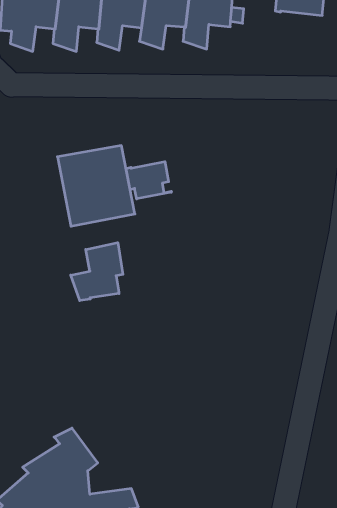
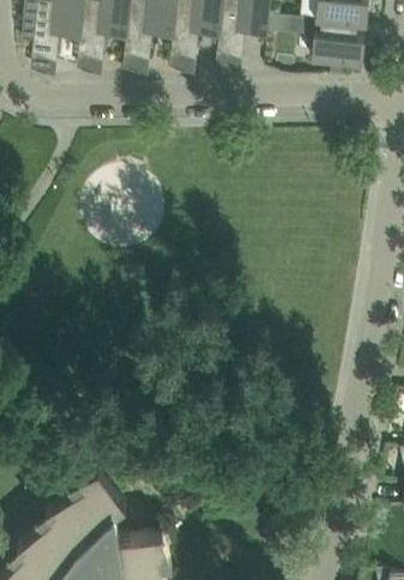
building: none -> [309,17,364,61]
building: [126,162,171,199] -> none
building: [71,243,123,301] -> none

